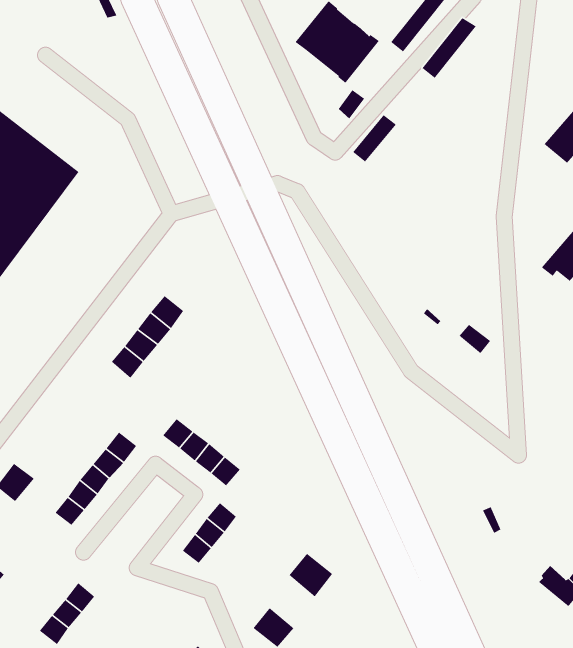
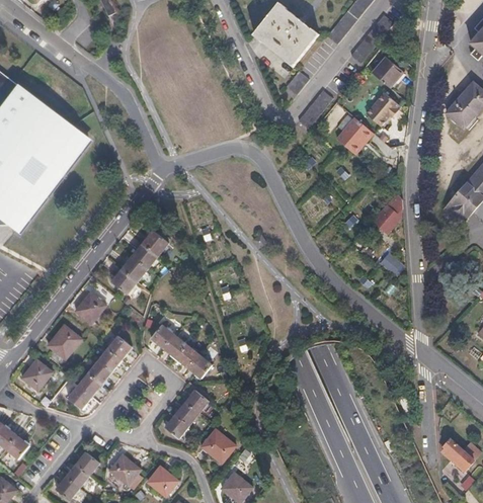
building: none -> [373,56,403,87]
building: none -> [367,92,399,125]
building: none -> [336,117,373,155]
building: none -> [373,192,402,233]
building: none -> [75,292,106,323]
building: none -> [48,325,81,359]
building: [288,553,333,598] -> [202,428,236,463]
building: none -> [109,454,141,485]
building: none -> [147,466,178,496]

